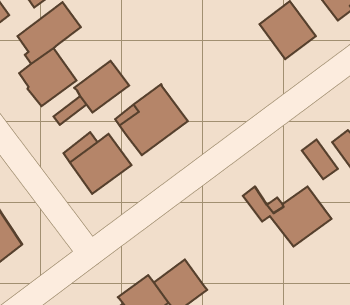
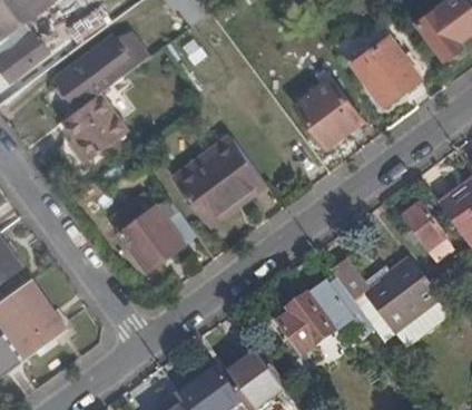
building: none -> [292,78,358,147]
building: [74,61,129,113] -> none
building: none -> [279,283,352,353]

